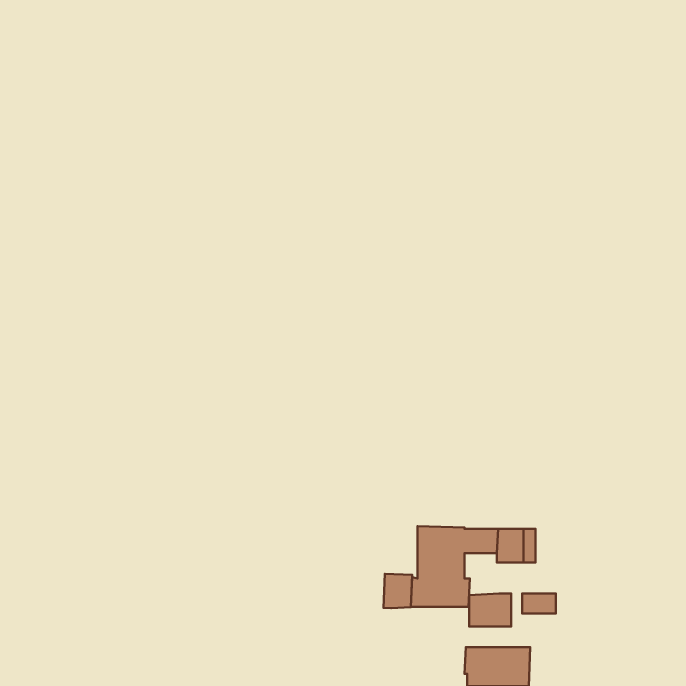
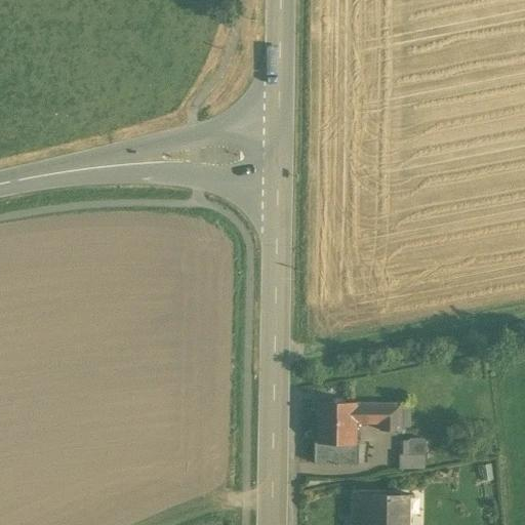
building: [383,574,412,608] -> none
building: [469,593,511,627] -> none

